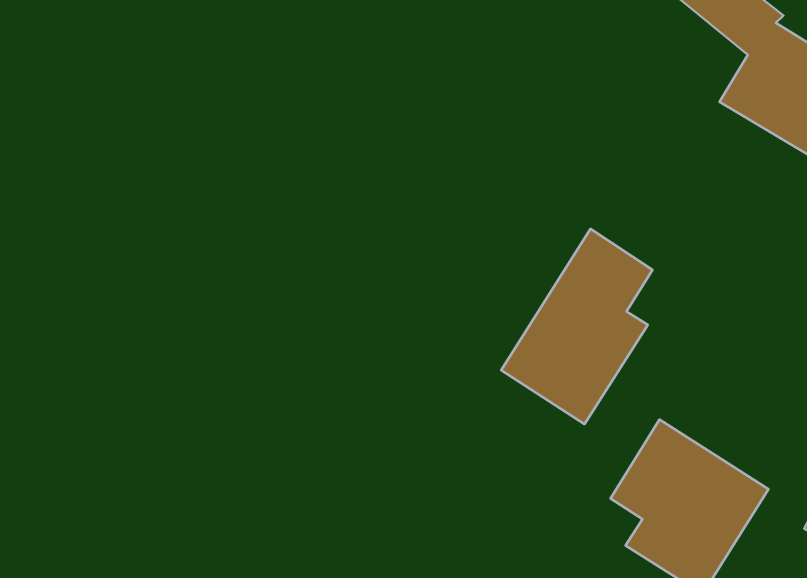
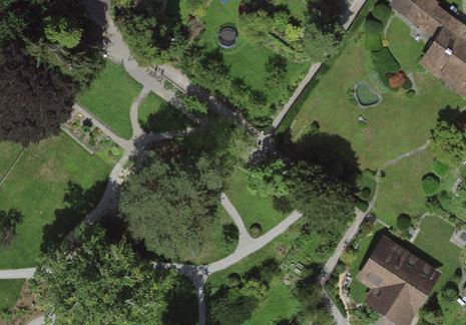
building: [501,229,653,424] -> none

